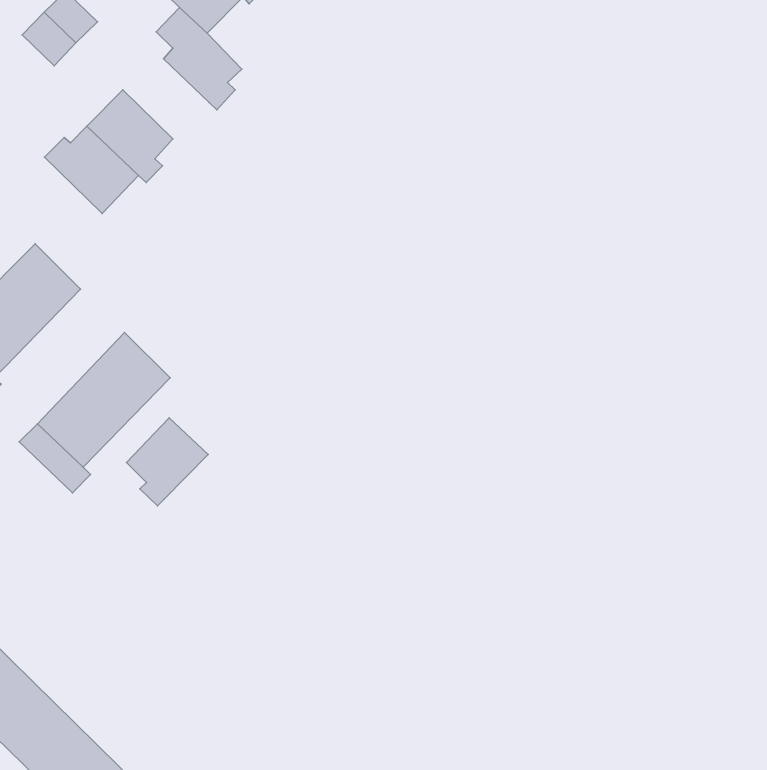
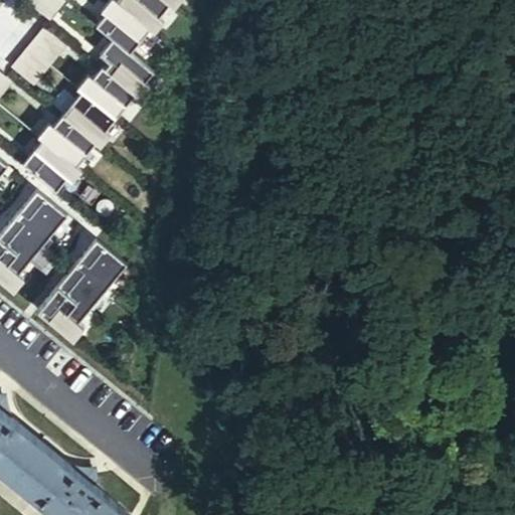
building: none -> [75,68,134,120]
building: none -> [20,141,79,193]
building: [127,418,208,506] -> none

